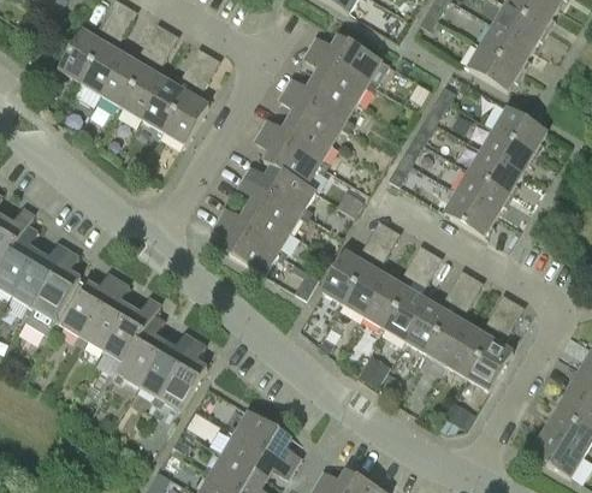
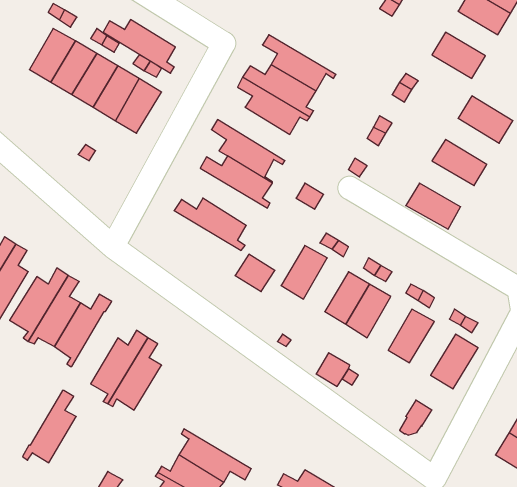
building: [483,24,533,67] -> none
building: [59,28,103,81] -> none
building: [312,34,383,85] -> none
building: [262,117,332,168] -> [103,20,175,73]
building: [483,127,534,172] -> none
building: [457,168,510,213] -> none
building: [239,176,310,231] -> none
building: [214,216,285,273] -> none
building: [345,262,389,314] -> none
building: [407,299,450,351] -> none
building: [114,314,166,384] -> [23,390,76,463]
building: [448,323,492,375] -> none
building: [230,410,301,465] -> none

